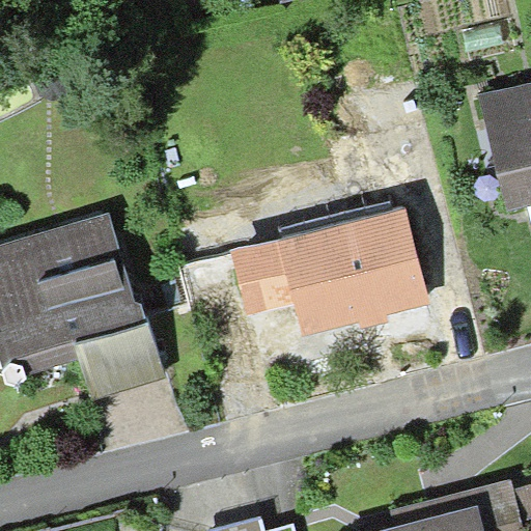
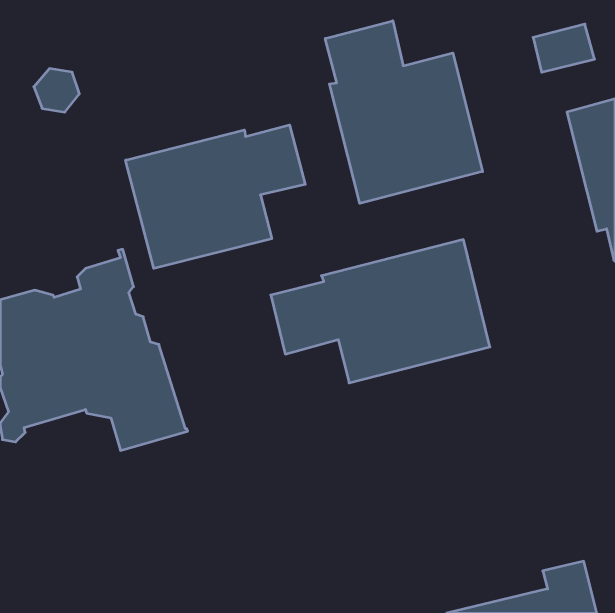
building: none -> [325,21,483,203]
building: none -> [126,125,305,268]

